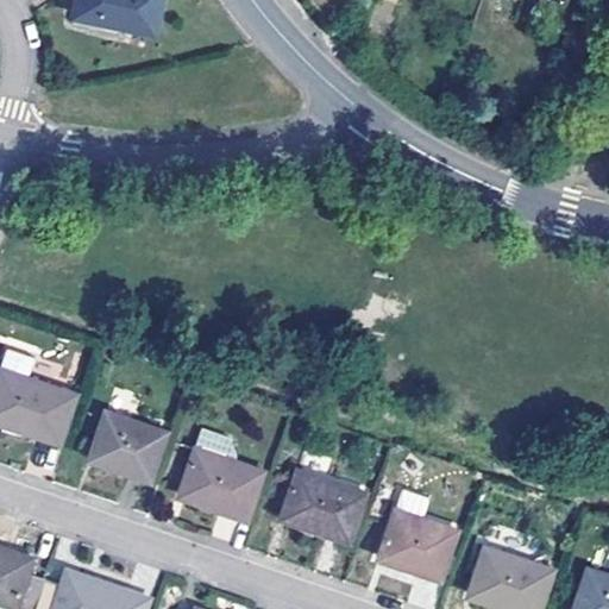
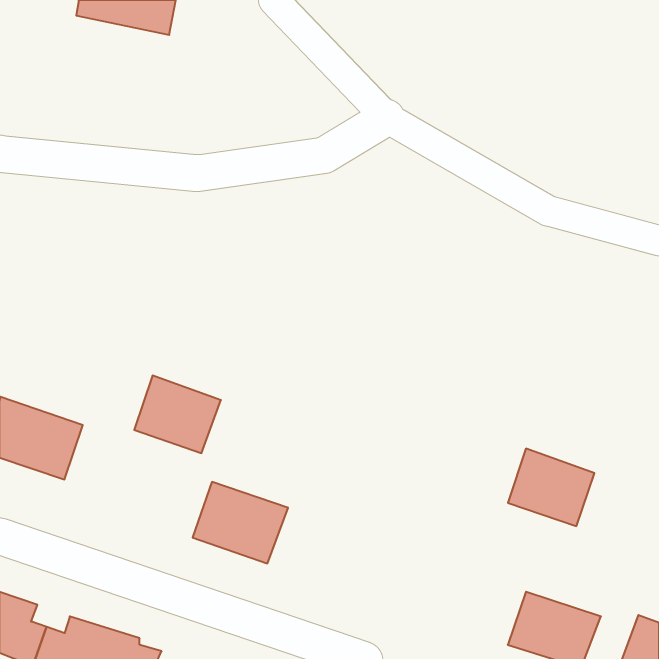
building: [87,409,167,481] -> [134,376,221,453]
building: [281,466,366,541] -> none
building: [378,508,458,579] -> [508,449,594,526]

